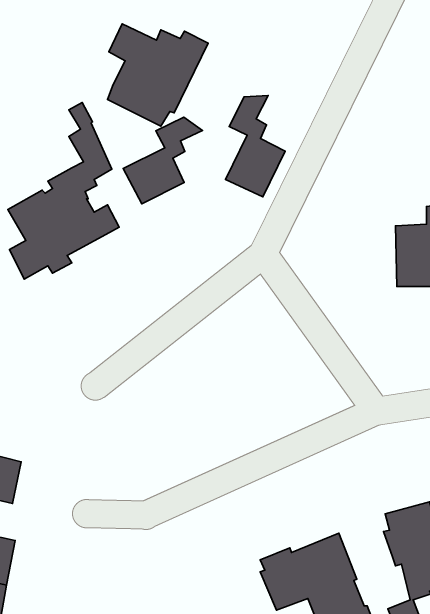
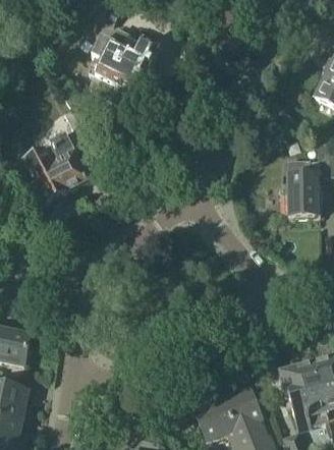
building: [225,96,285,197] -> none
building: [123,117,203,204] -> none

